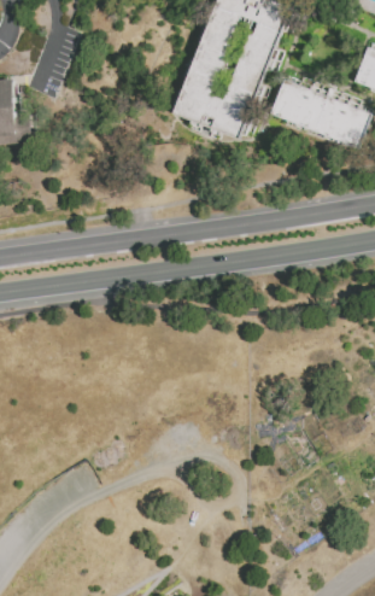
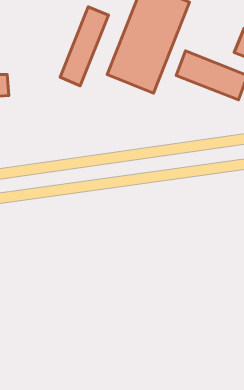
building: none -> [60,7,108,86]

